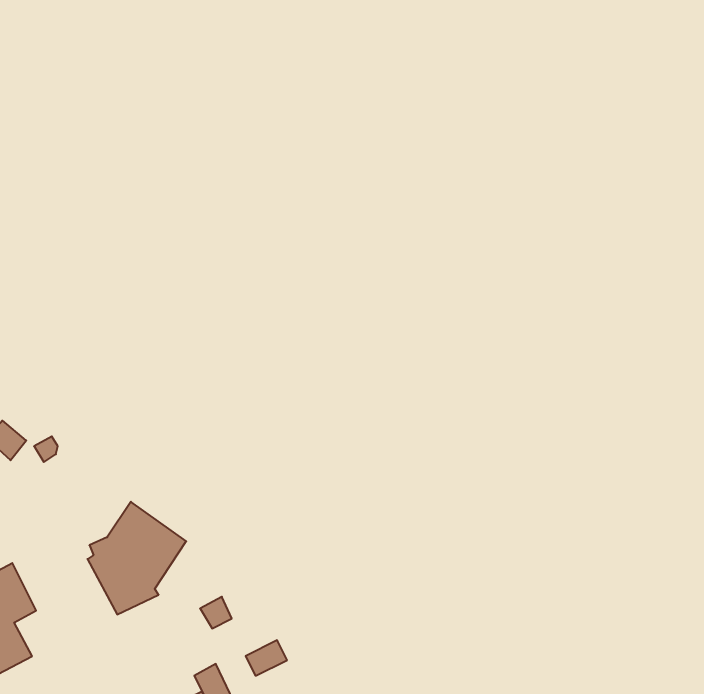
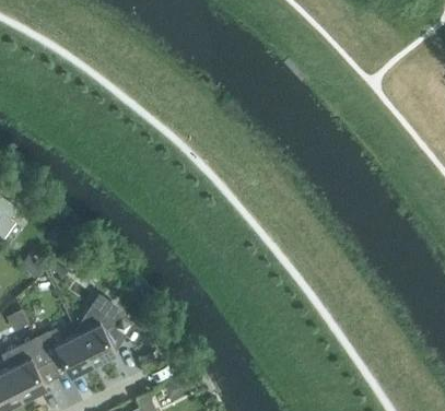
building: none -> [33,330,91,377]

